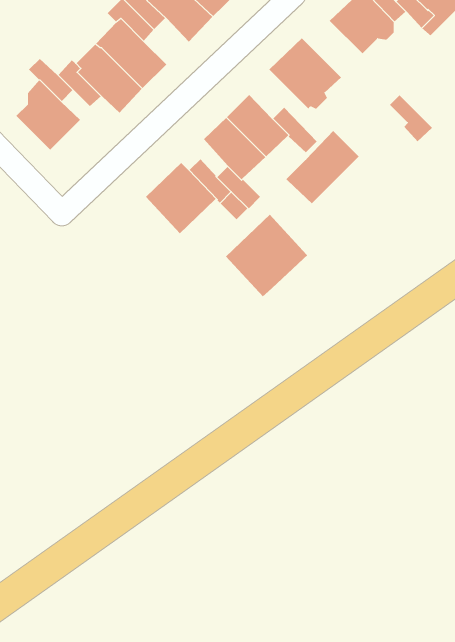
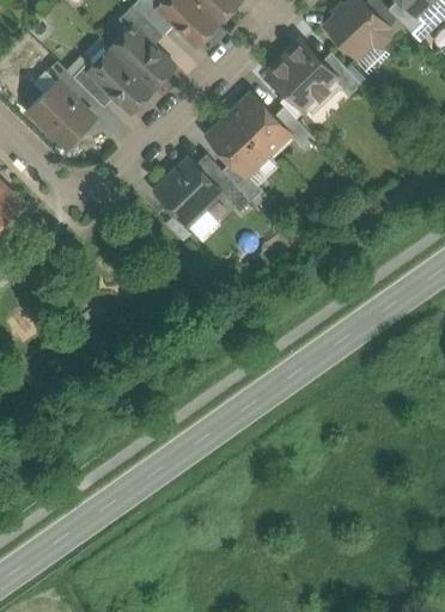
building: [389,95,433,142] -> [319,54,360,98]
building: [286,130,360,204] -> none
building: [225,214,309,297] -> none

